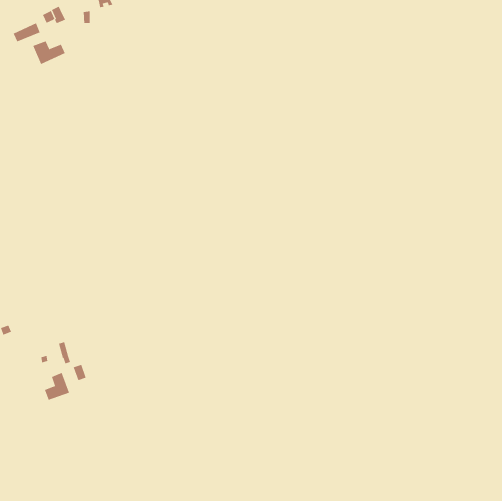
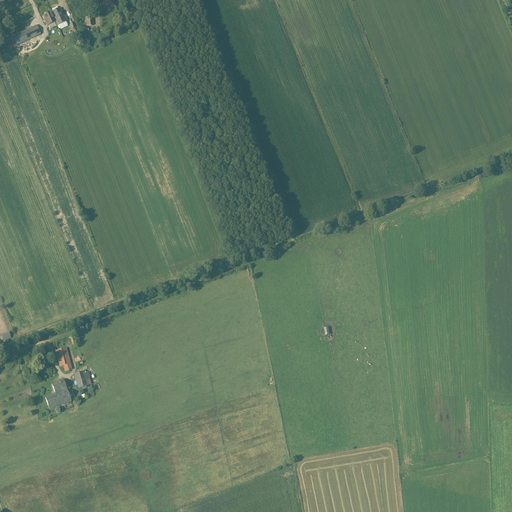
building: [33,41,66,65] -> none

